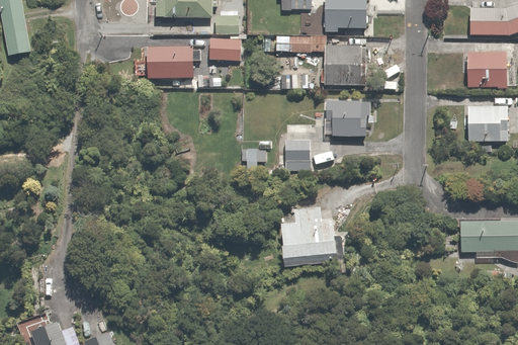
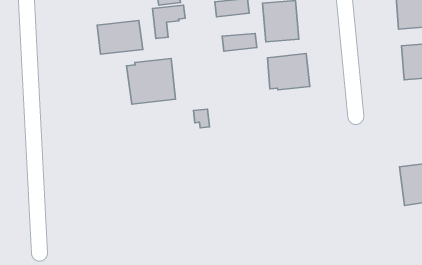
building: none -> [127,59,176,104]
building: [284,139,311,168] -> none
building: [283,207,340,266] -> none

